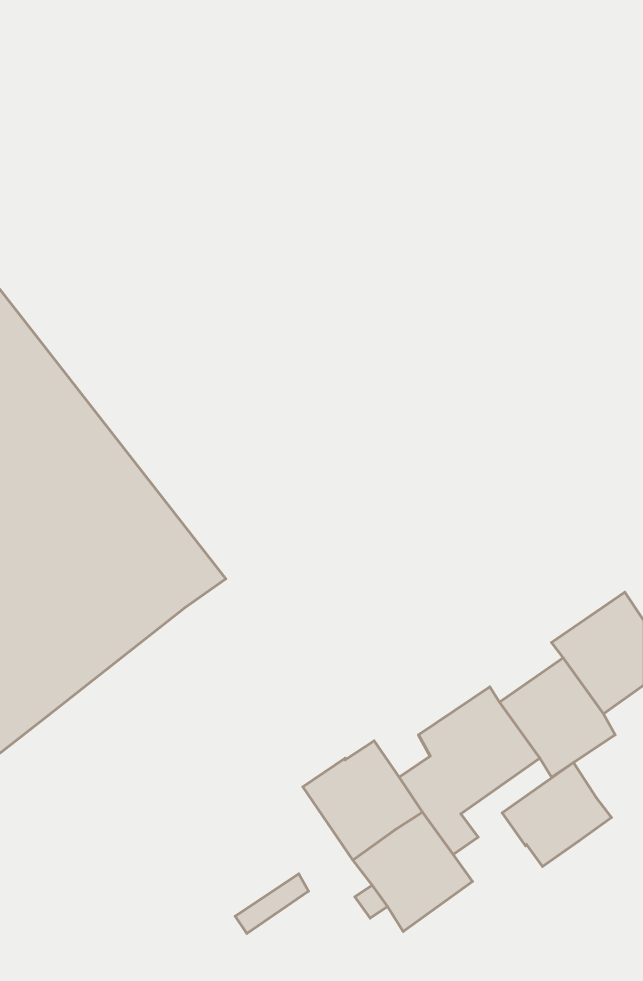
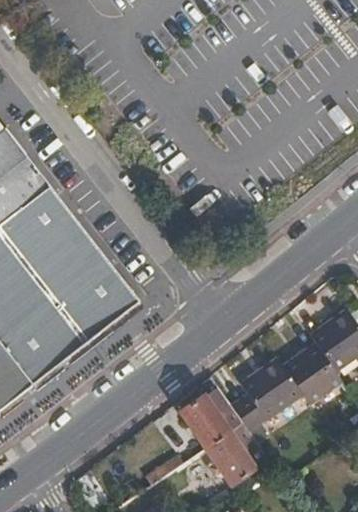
building: [502,763,612,867] -> none

